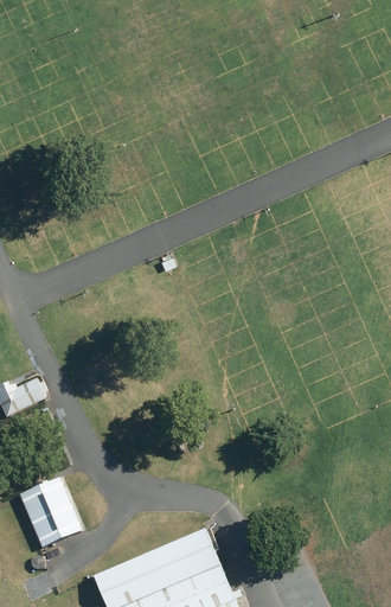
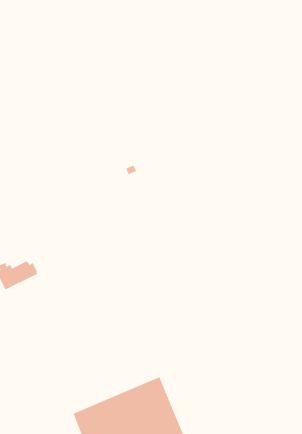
building: [17,475,79,547] -> none

